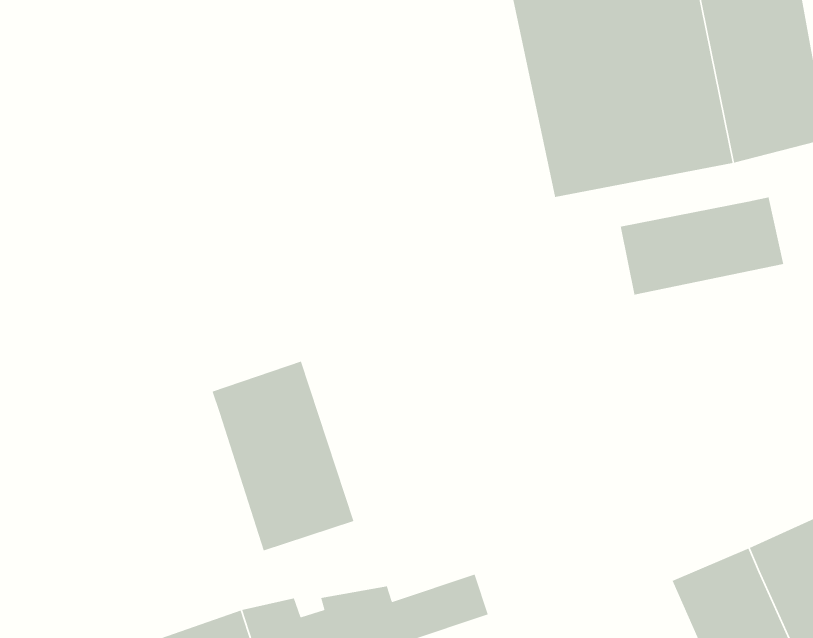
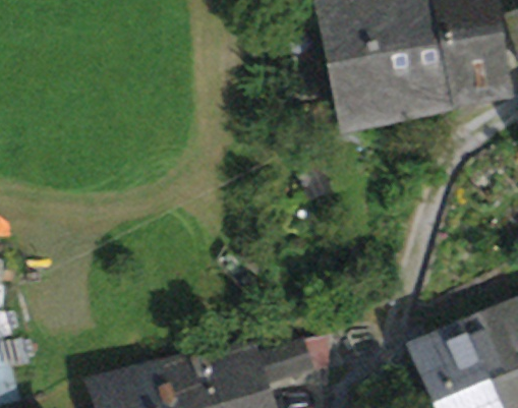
building: [620,196,784,295] -> none
building: [211,360,354,551] -> none

